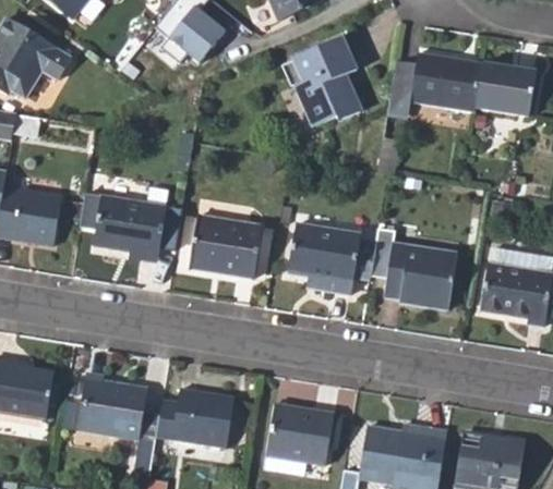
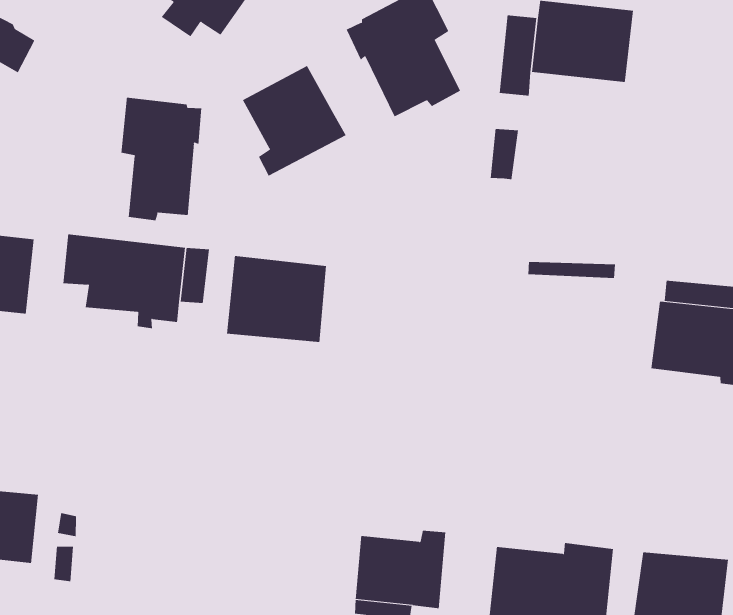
building: [474,63,536,115] -> none
building: none -> [242,65,347,177]
building: none -> [121,97,202,221]
building: [288,222,374,294] -> none
building: [383,244,455,309] -> none
building: [76,372,147,441] -> none
building: [156,388,233,448] -> none

